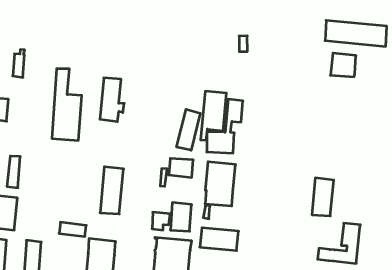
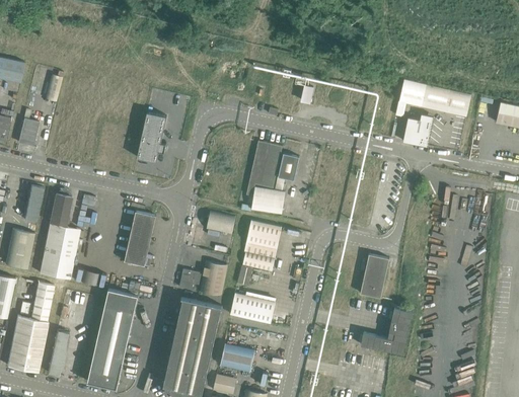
building: [52,69,82,140] -> [40,195,79,279]
building: [177,109,200,150] -> none

